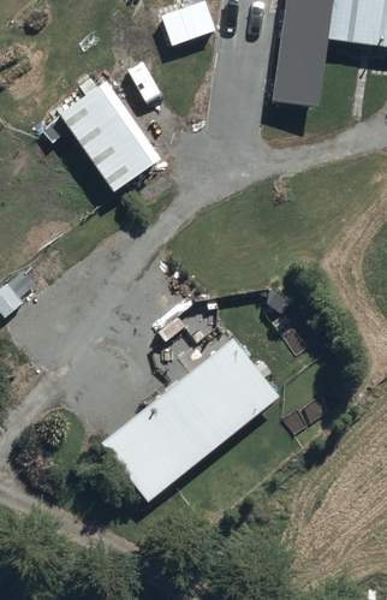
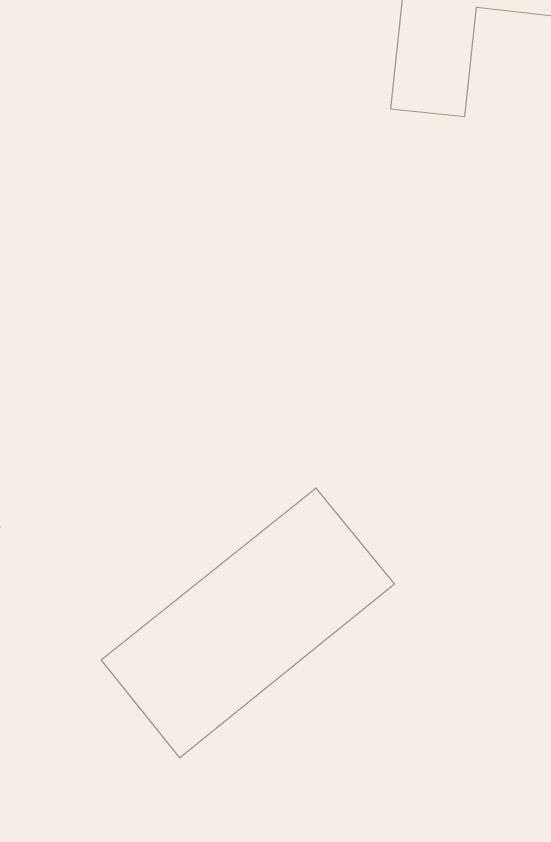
building: [64,84,162,194] -> none

